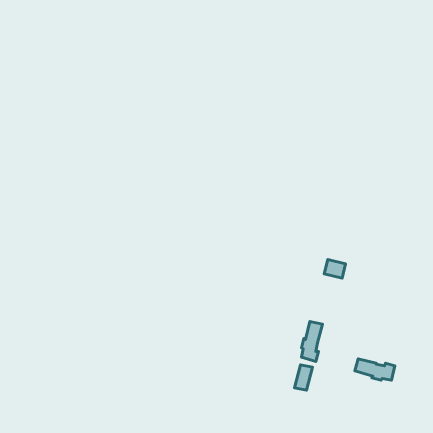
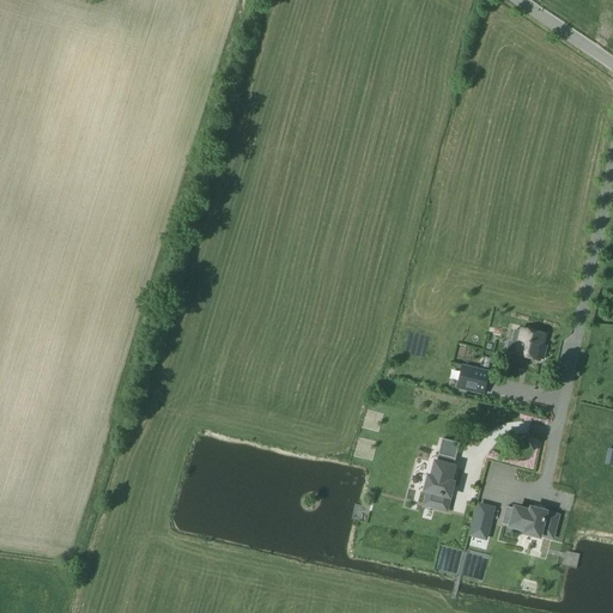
building: none -> [512,328,546,359]
building: [295,365,312,390] -> [469,500,494,536]

